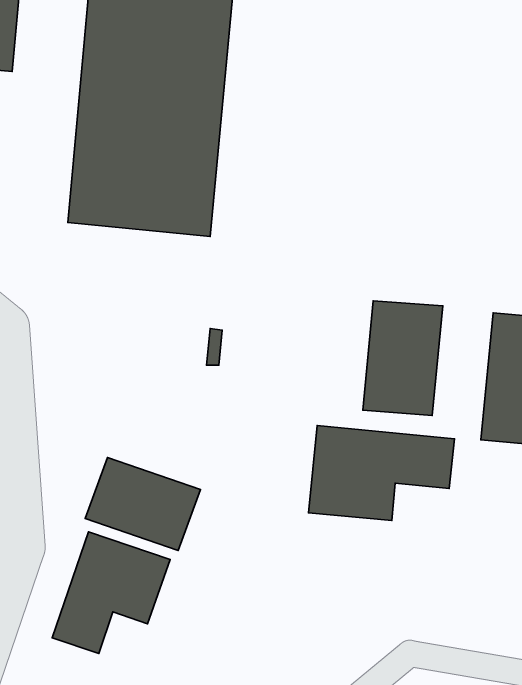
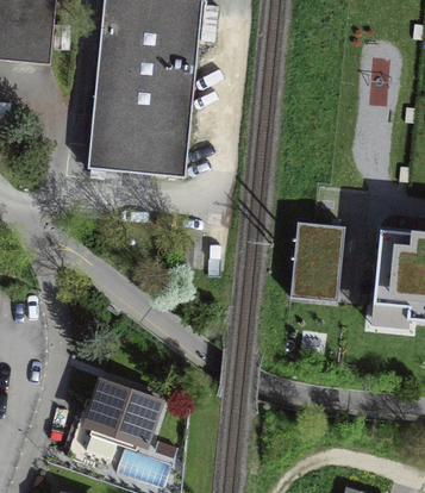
building: [308,426,455,520] -> none
building: [85,458,201,551] -> none

